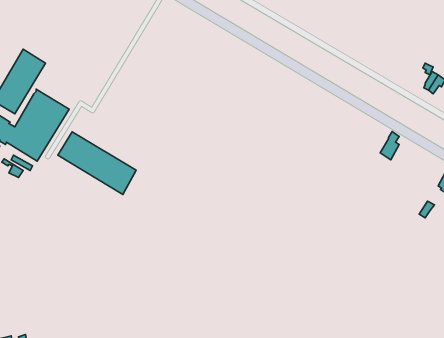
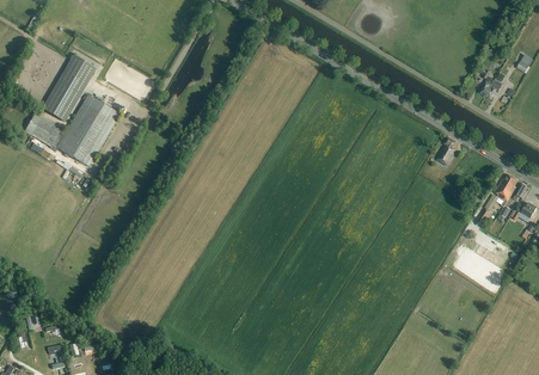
building: [58,132,136,195] -> none

